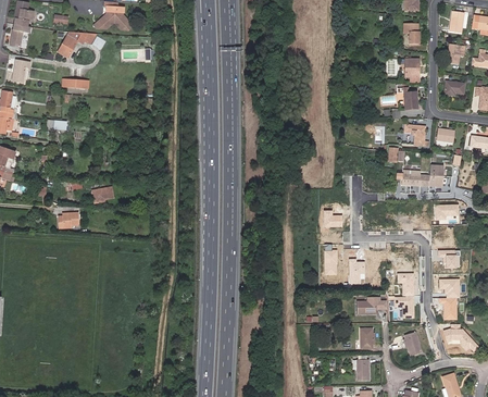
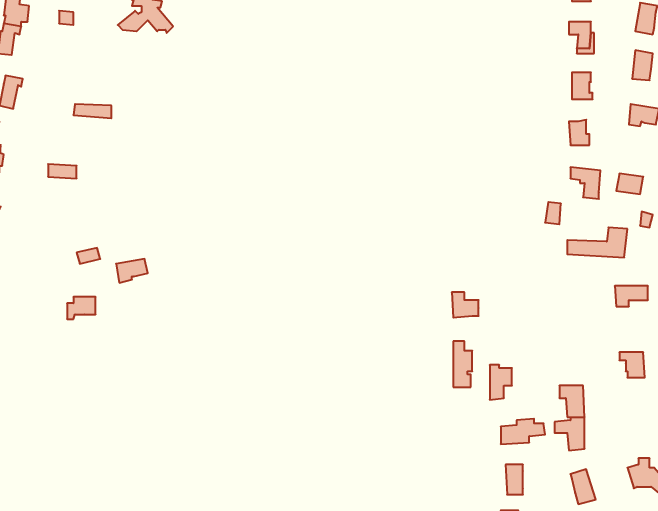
building: [59,33,96,58] -> none
building: [439,278,459,317] -> none

